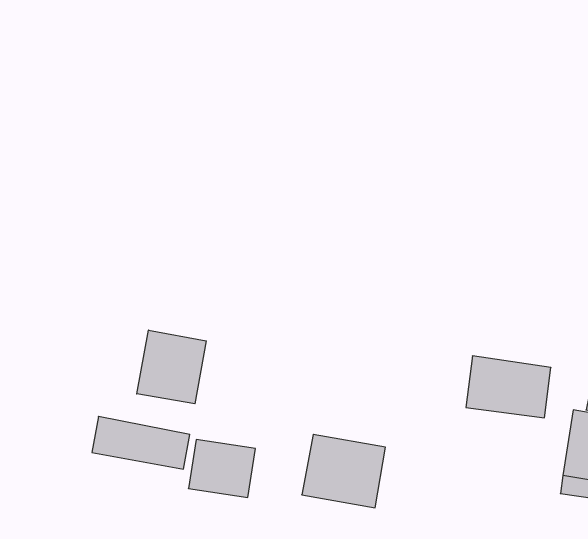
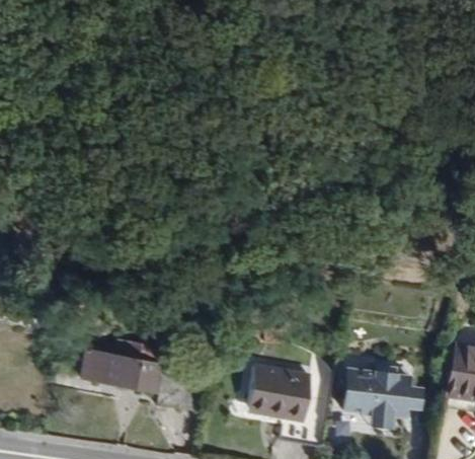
building: [137,330,206,404] -> none
building: [466,356,551,418] -> [342,368,409,416]

